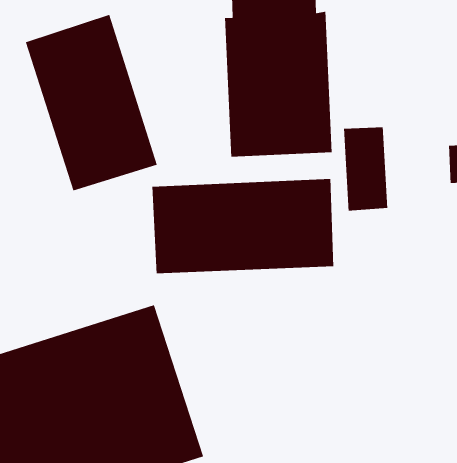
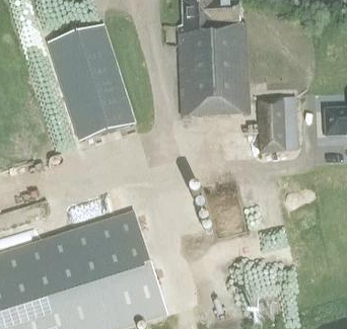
building: [151,178,334,274] -> none

